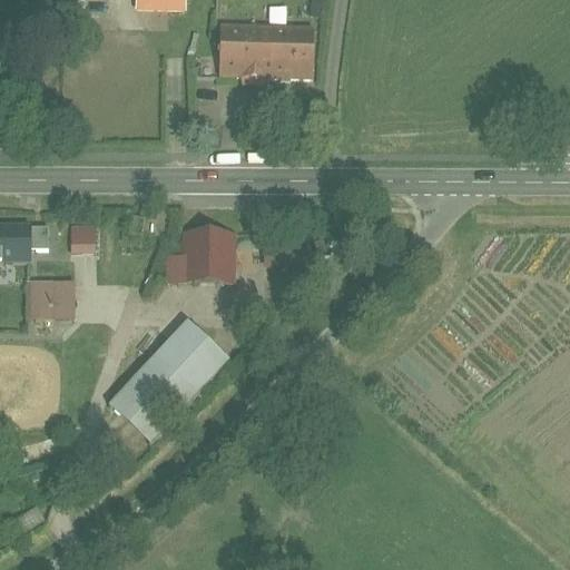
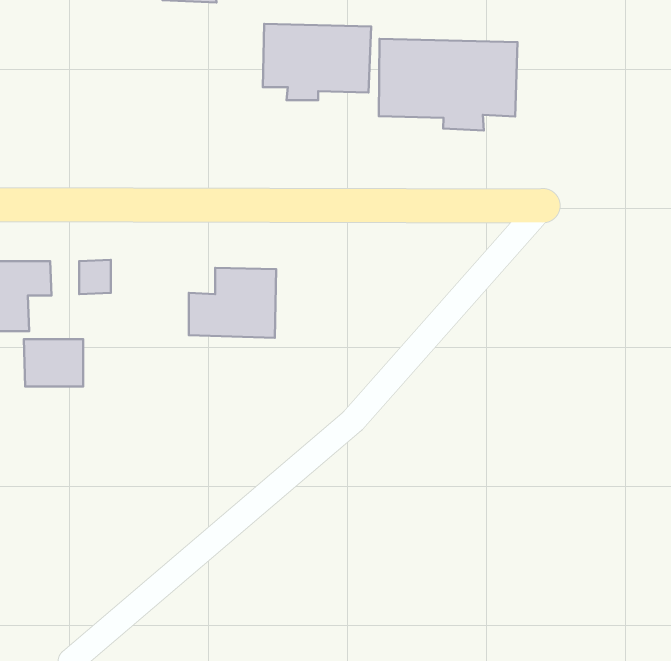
building: none -> [379,39,517,131]
building: [115,317,229,434] -> none

